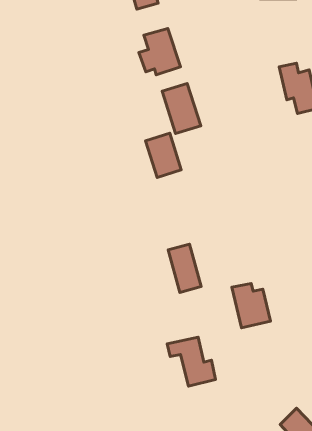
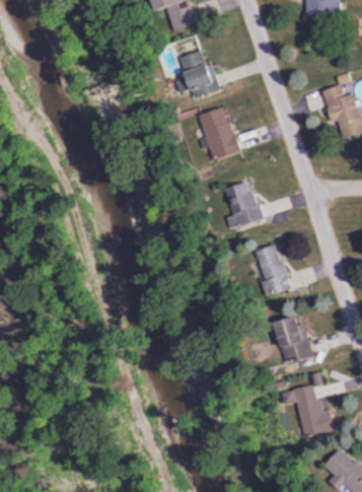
building: [146,133,181,178] -> [224,180,262,226]
building: [168,244,201,292] -> [256,243,290,294]
building: [167,337,215,386] -> [282,384,333,436]

